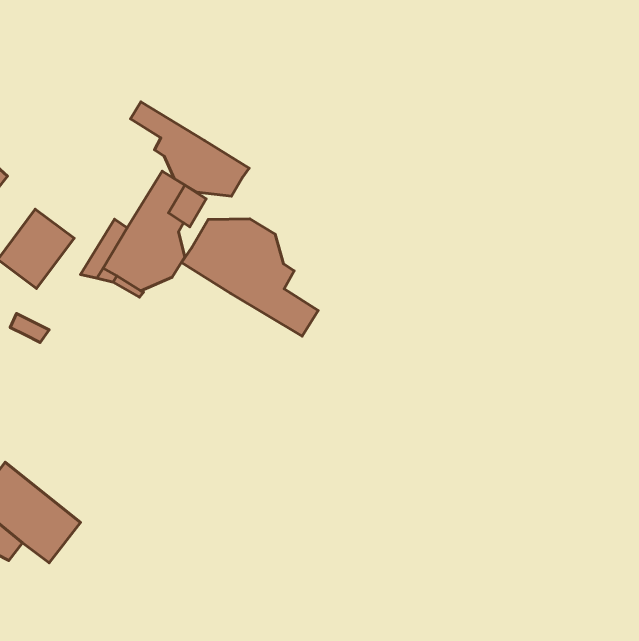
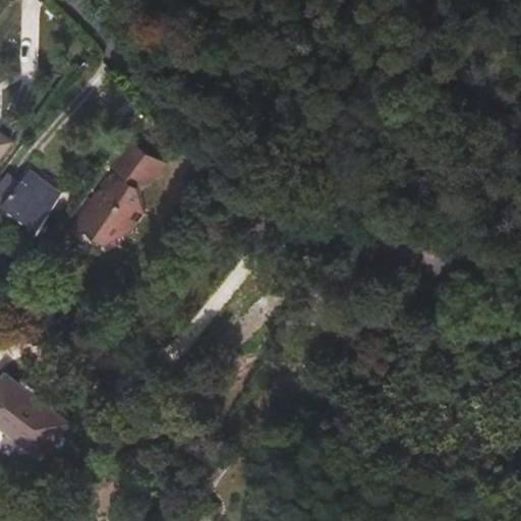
building: [130,102,249,196] -> none
building: [182,219,318,336] -> none

